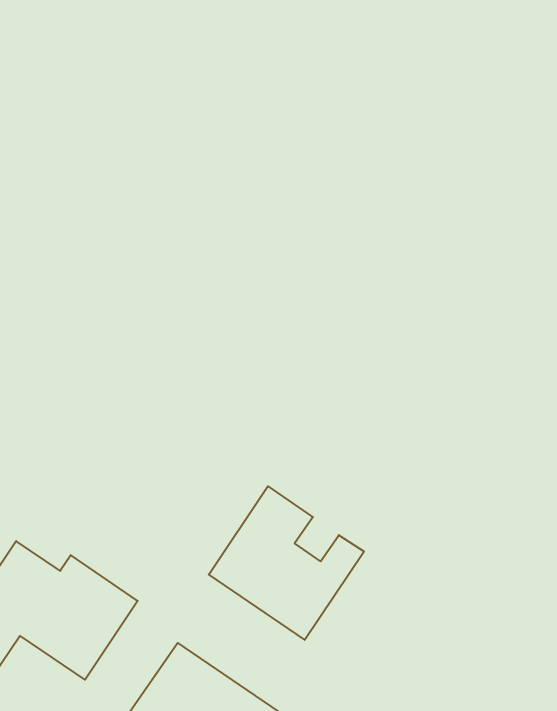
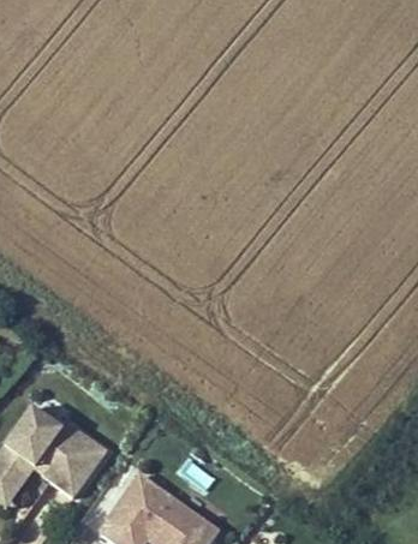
building: [209,486,364,640] -> none

